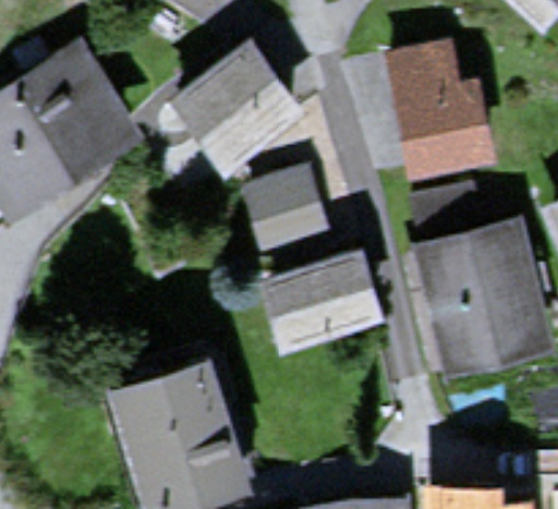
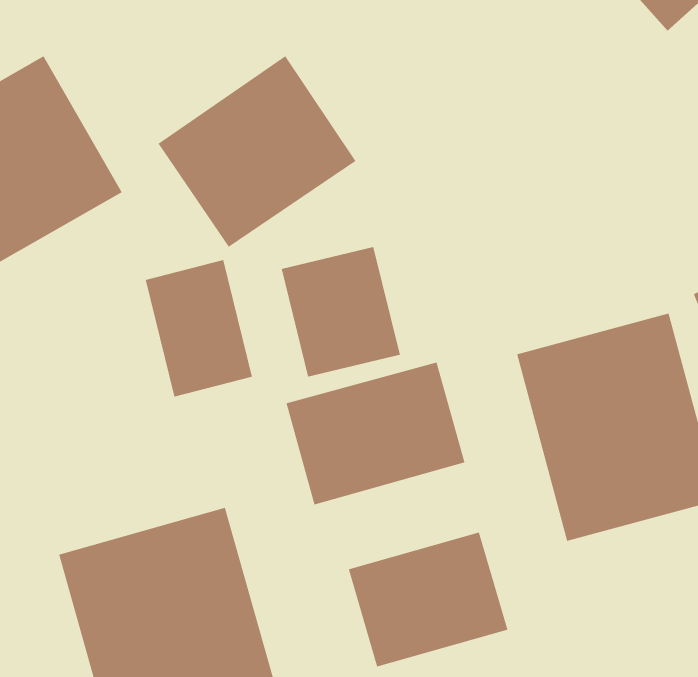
building: [392,56,492,175] -> none
building: none -> [145,259,253,397]
building: none -> [348,532,508,667]

